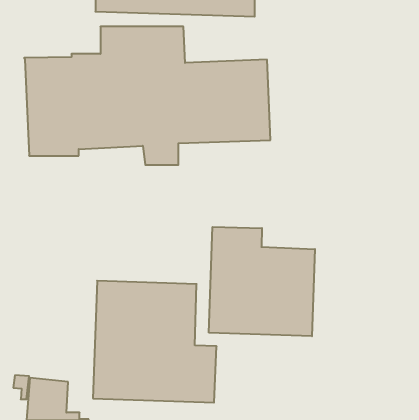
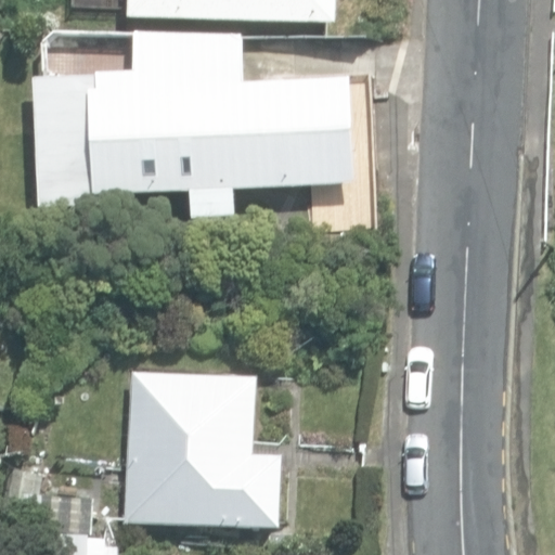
building: [209,227,315,336] -> none

